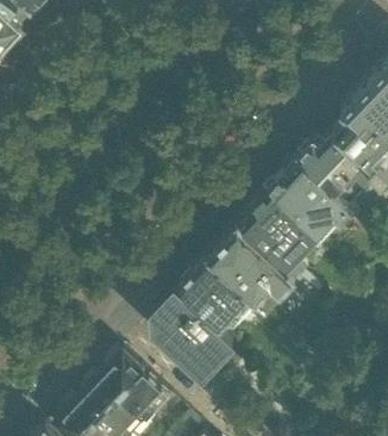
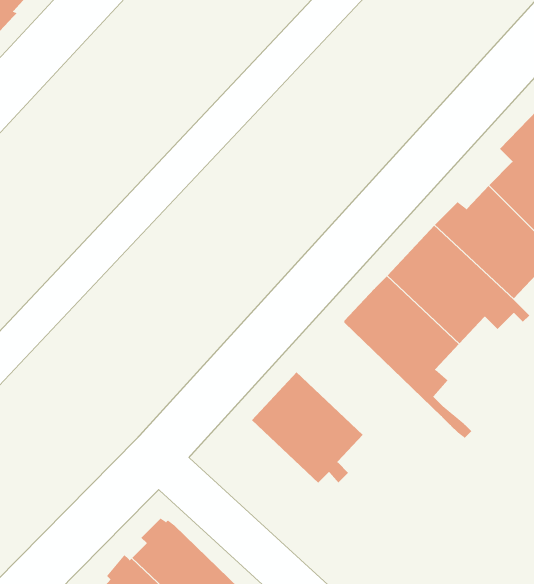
building: [204,231,299,317] -> none
building: [148,295,230,381] -> none

